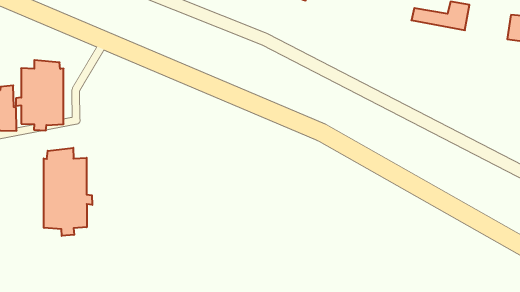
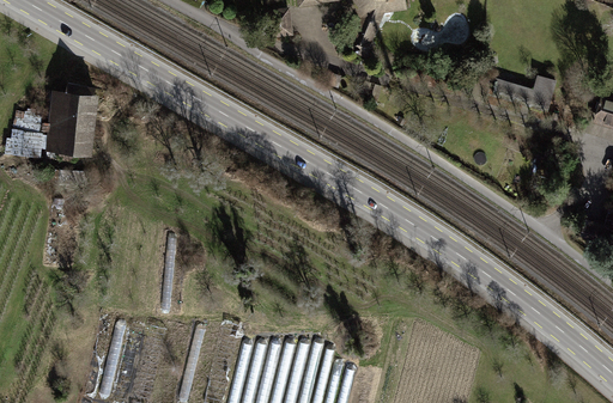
building: [44,148,92,236] -> none

